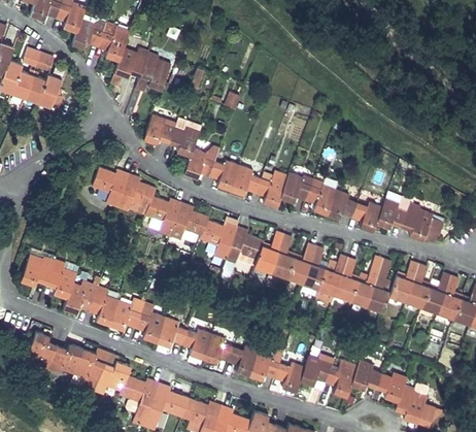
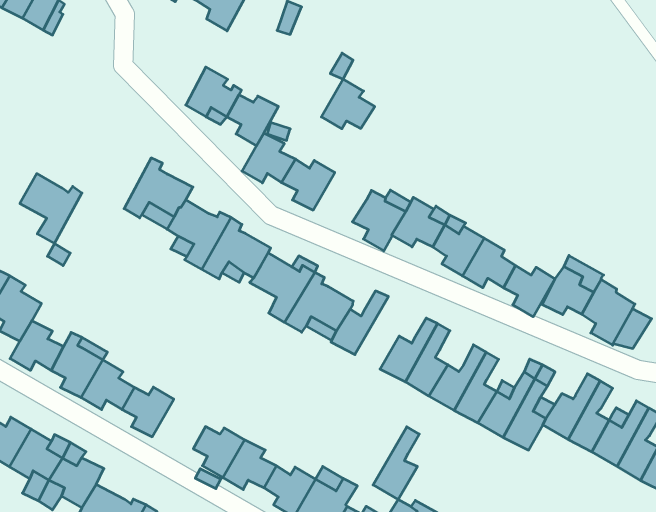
building: [231,165,262,195] -> [321,79,375,129]
building: [93,167,129,207] -> [20,174,82,244]
building: [270,234,295,278] -> [373,427,419,499]
building: [157,317,188,346] -> none

